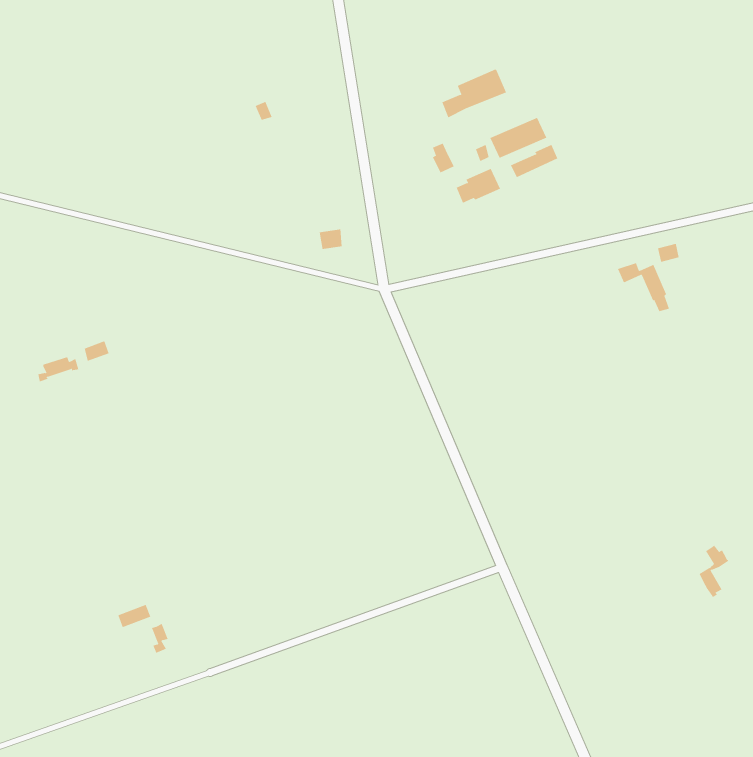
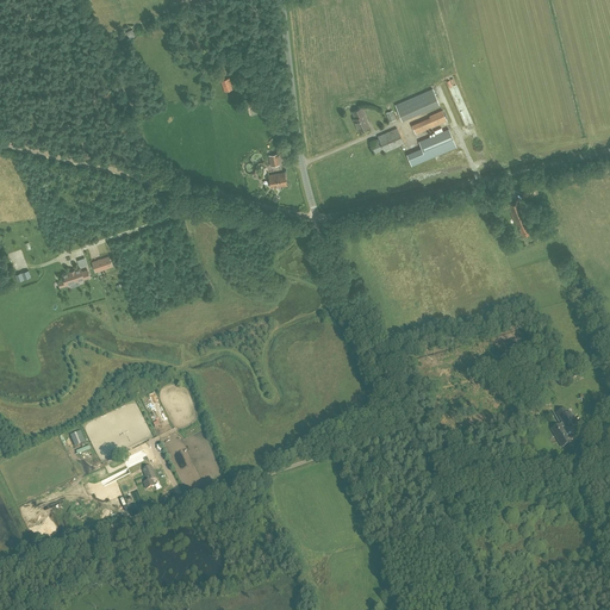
building: [441,69,507,118] -> [407,127,456,164]

